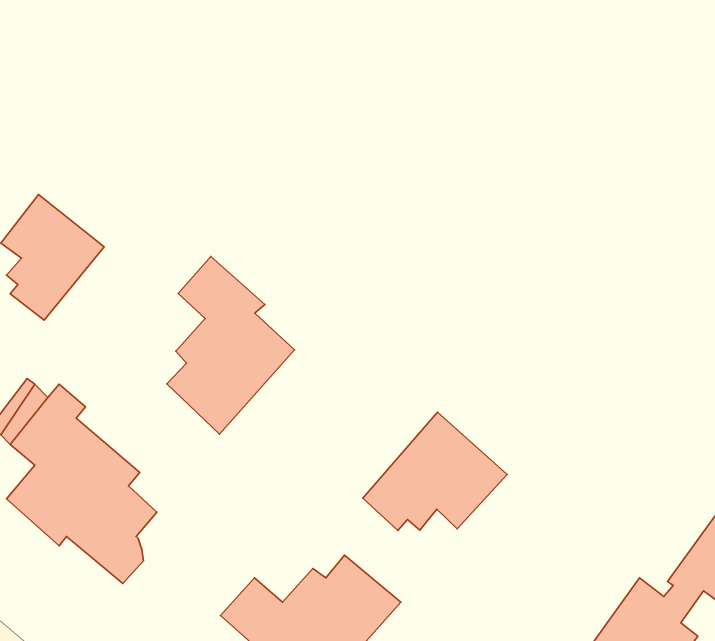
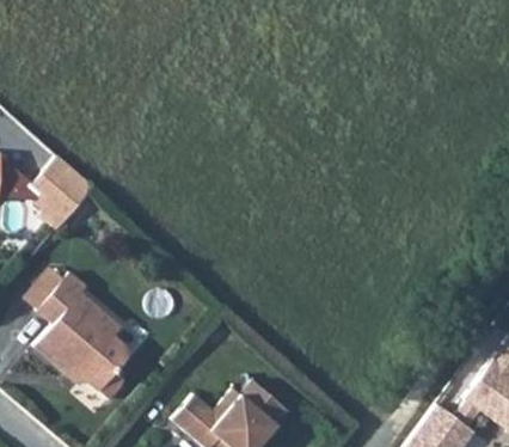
building: [167,256,295,434] -> none
building: [363,412,507,530] -> none

